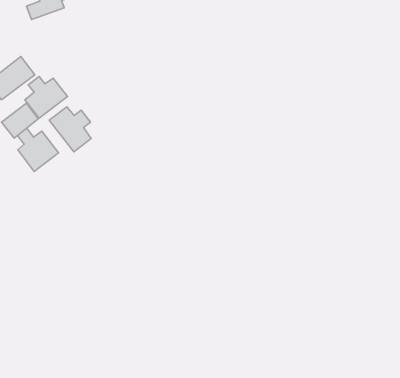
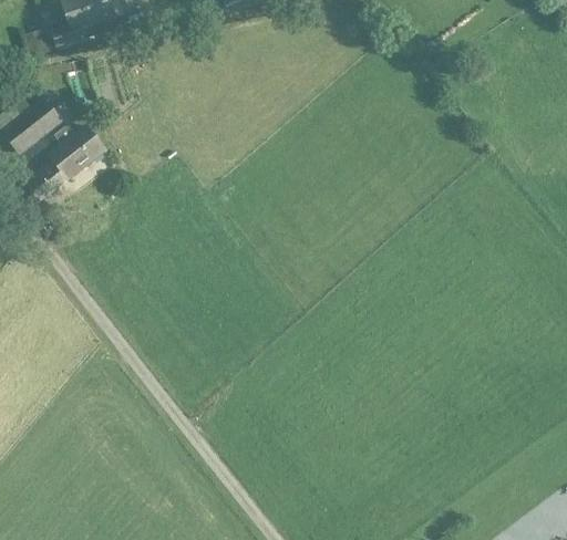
building: [49,107,91,152] -> none
building: [18,128,58,171] -> none

